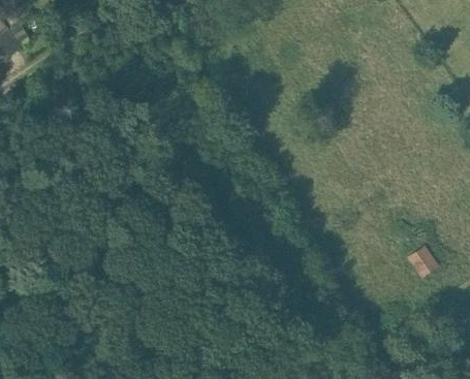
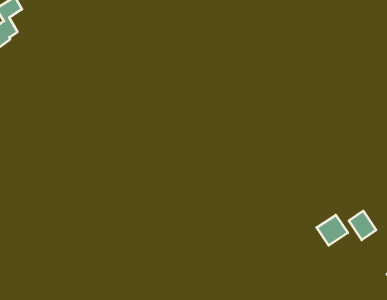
building: none -> [317,215,348,245]

